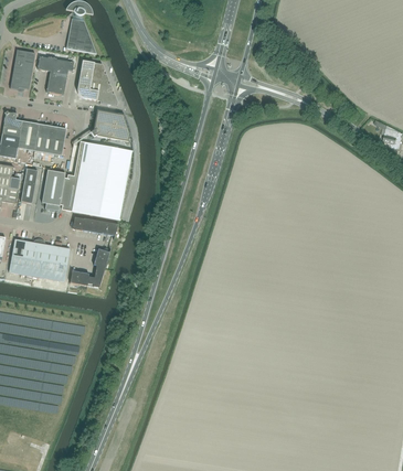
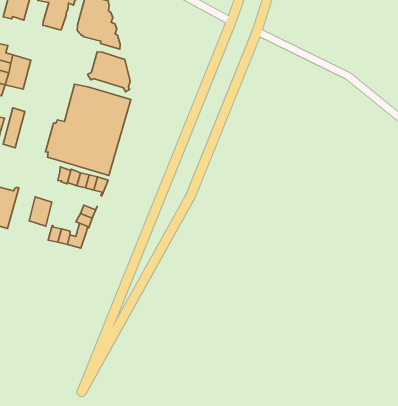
building: [34,124,66,154] -> none
building: [42,169,65,211] -> none
building: [32,238,66,281] -> none

